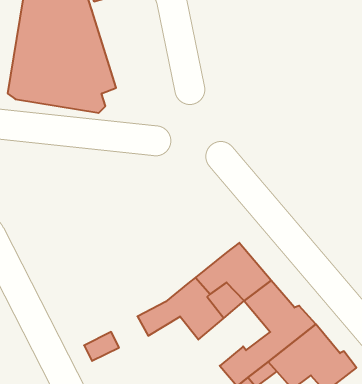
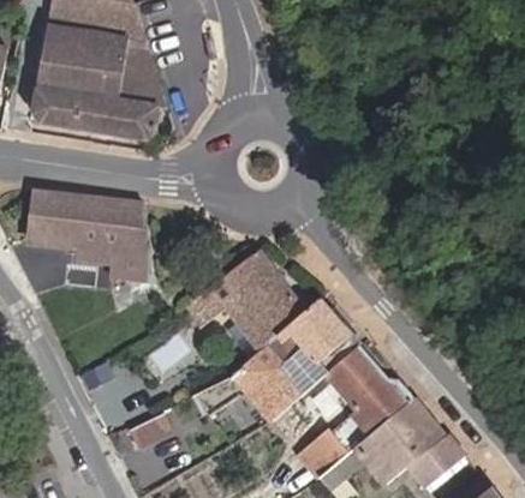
building: none -> [31,192,151,284]
building: none -> [185,252,304,352]

